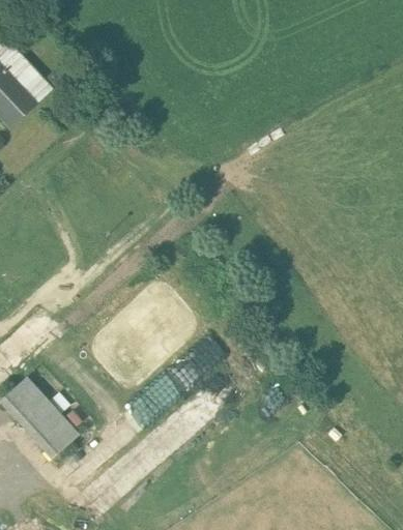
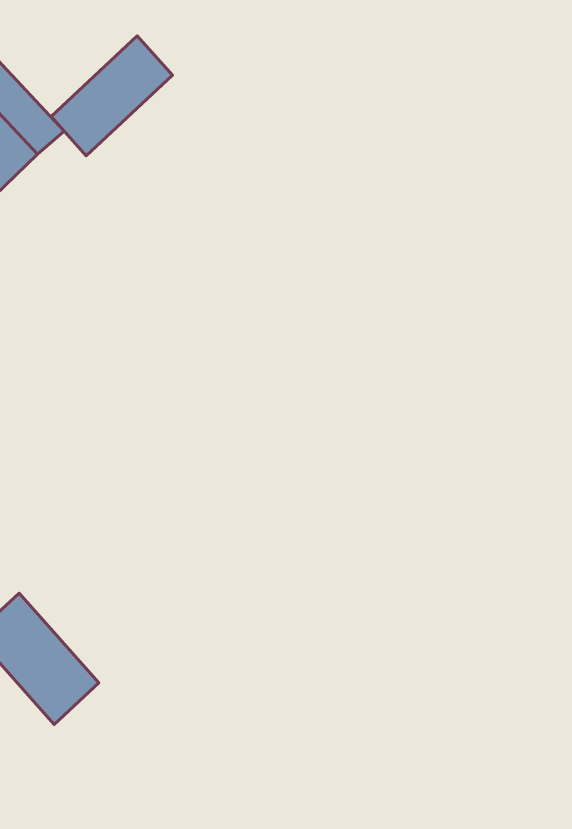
building: none -> [51,36,172,156]

